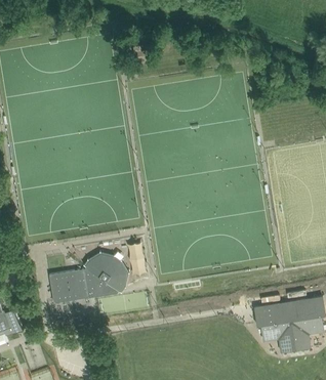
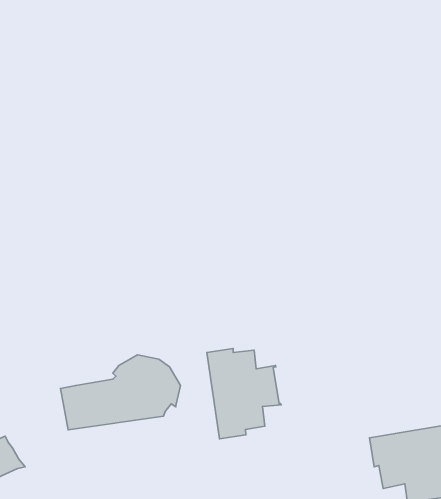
building: none -> [207,348,281,439]

